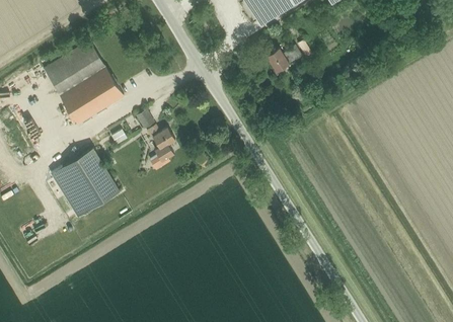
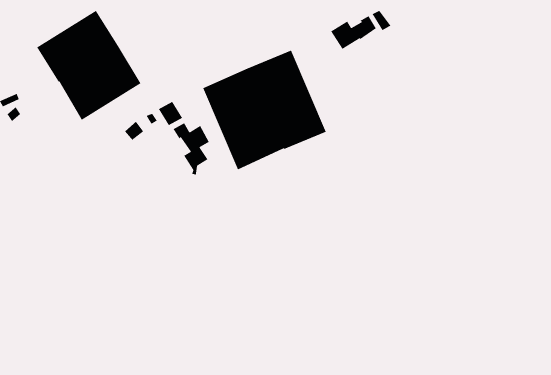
building: none -> [202,49,327,171]
building: [52,149,120,218] -> none

